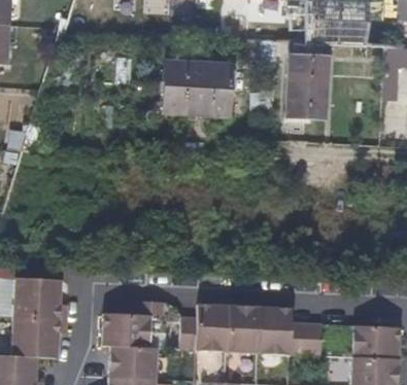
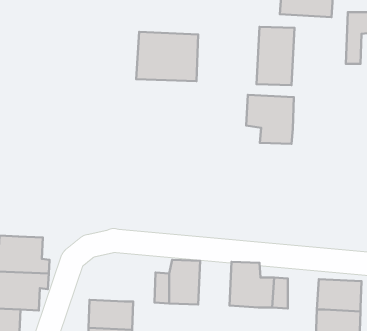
building: none -> [246,95,294,144]
building: [103,302,167,349] -> none
building: [227,306,262,353] -> none

